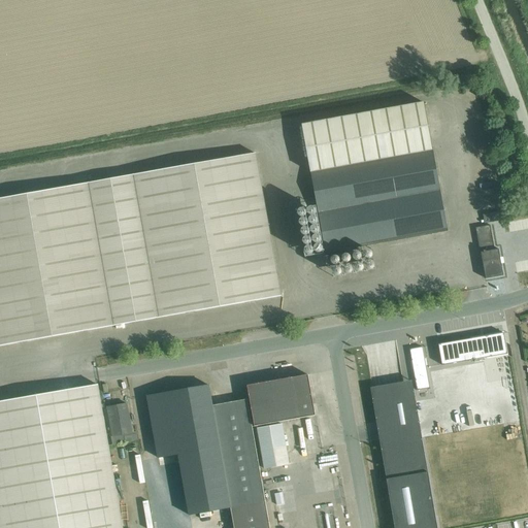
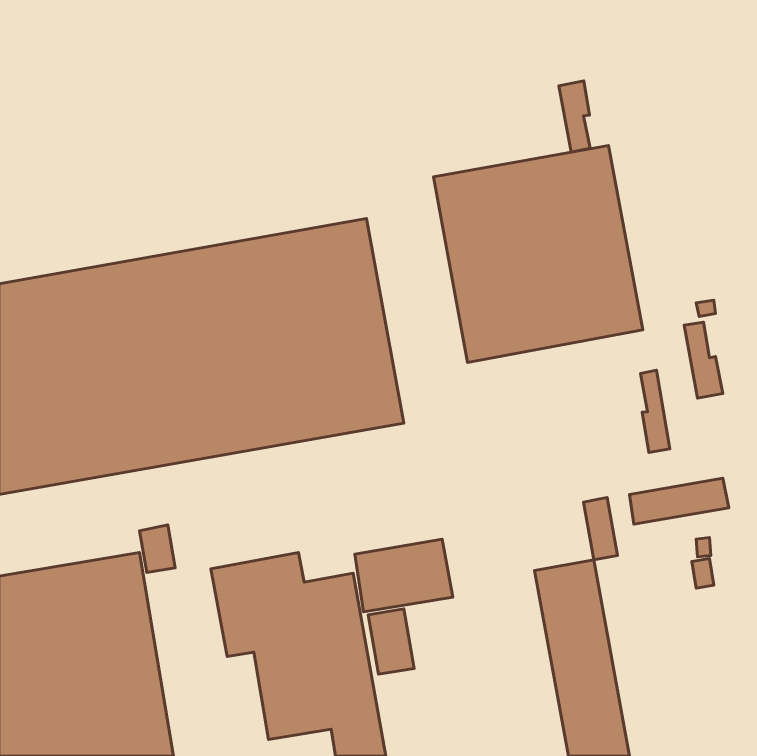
building: none -> [559,81,590,152]
building: none -> [640,370,670,453]
building: [105,402,130,435] -> [140,525,175,572]

